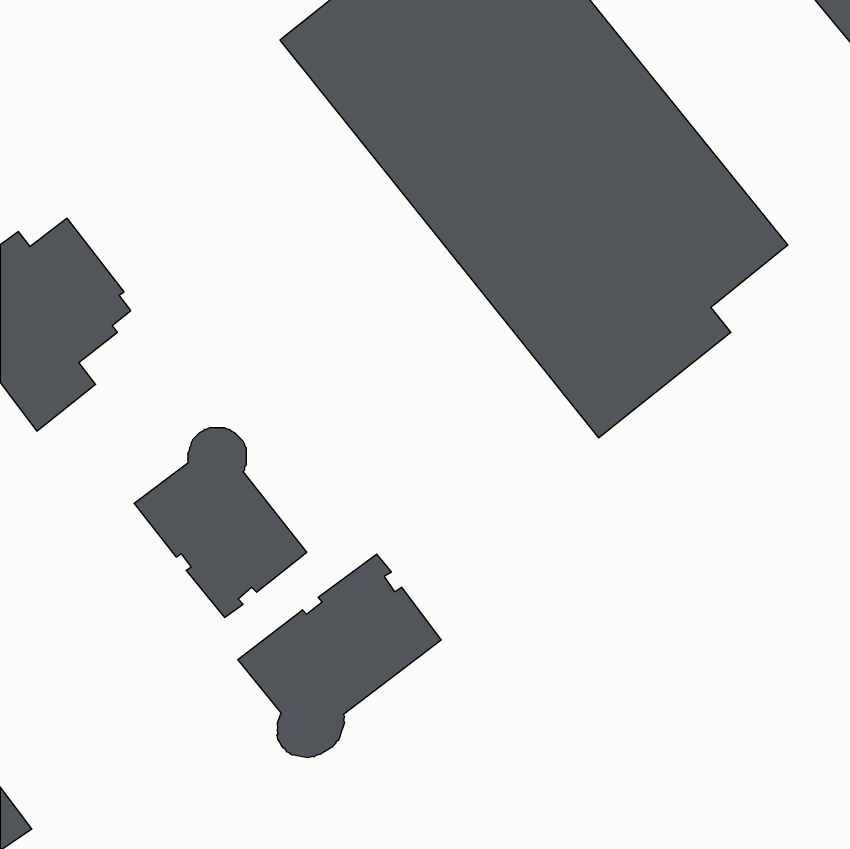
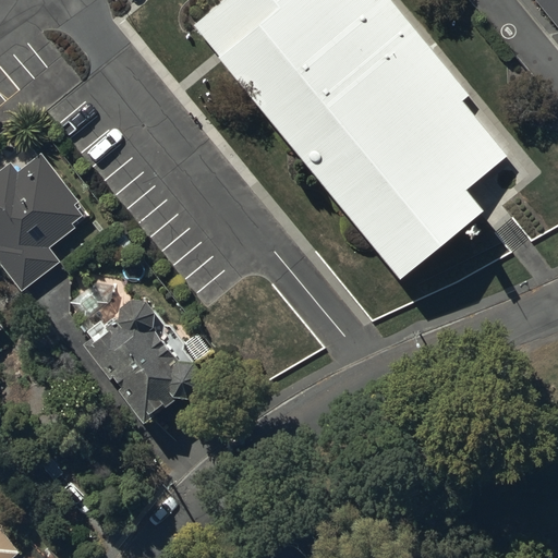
building: [238,554,441,758] -> none

